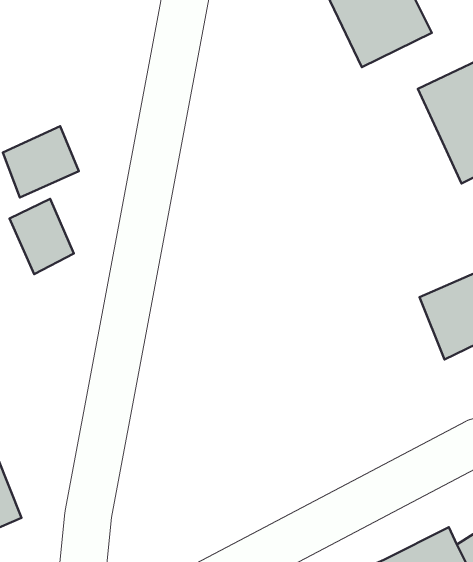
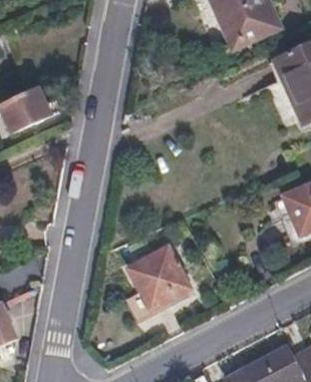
building: [9,199,74,274] -> none
building: none -> [127,248,192,312]

